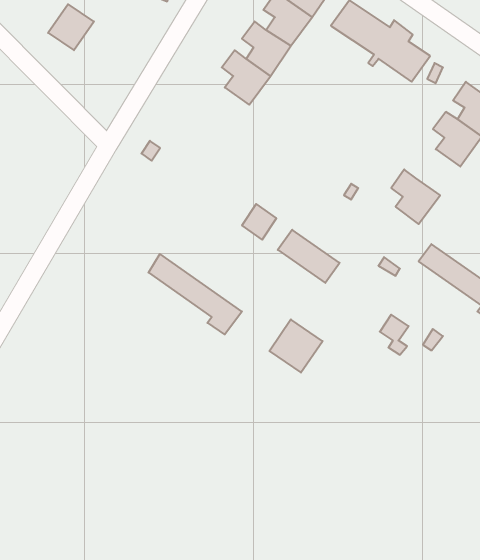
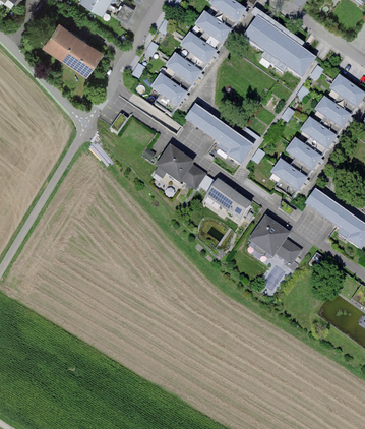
building: none -> [62,33,101,69]
building: none -> [153,74,186,113]
building: none -> [301,117,336,156]
building: none -> [158,146,191,180]
building: none -> [271,159,306,198]
building: [148,254,242,334] -> [186,105,252,162]
building: [269,319,323,373] -> [250,217,288,254]

